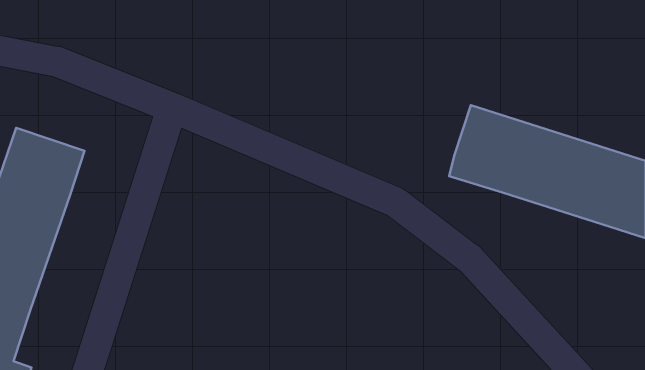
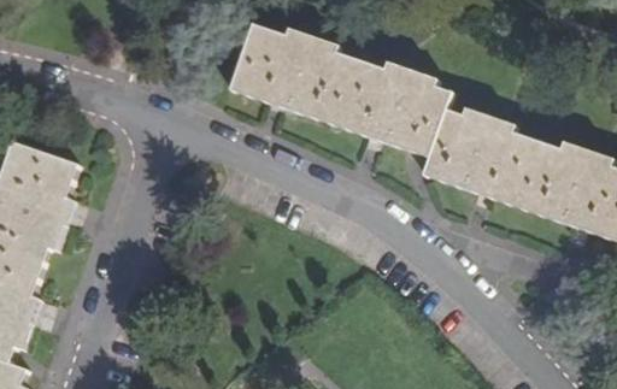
building: none -> [233,25,453,157]

